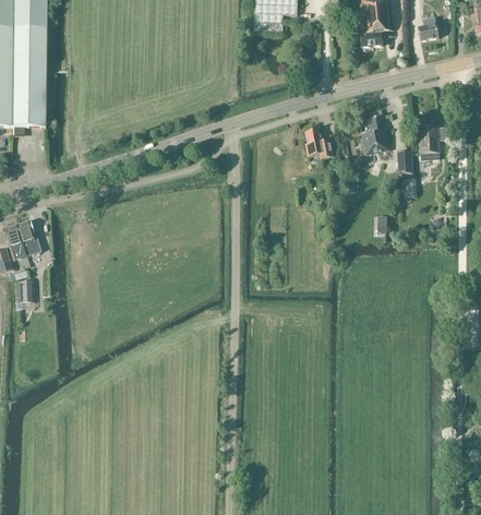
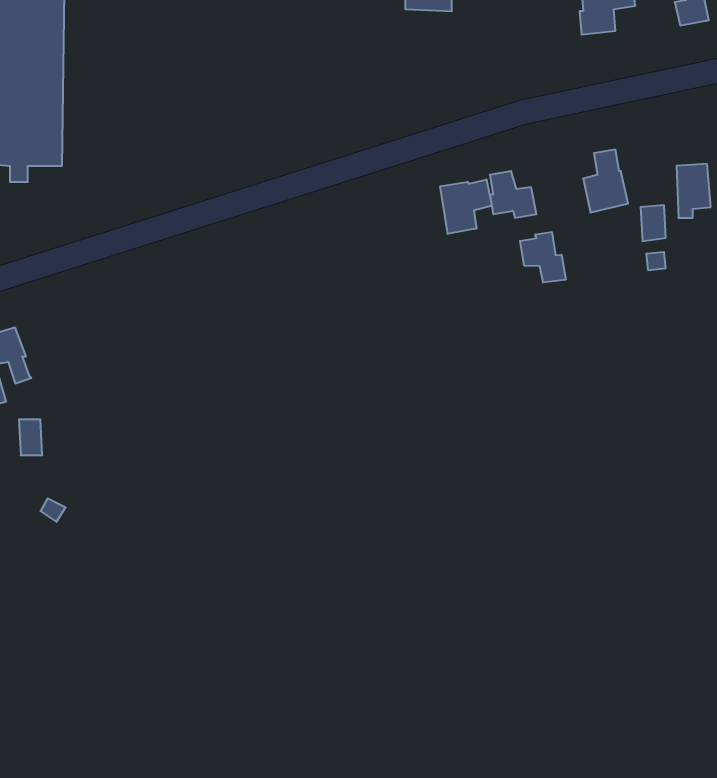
building: none -> [440,179,492,234]
building: none -> [520,232,566,283]
building: [17,219,41,254] -> none

